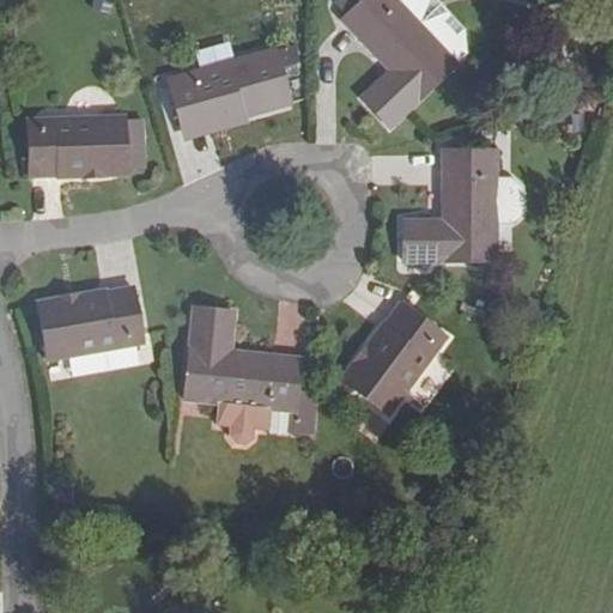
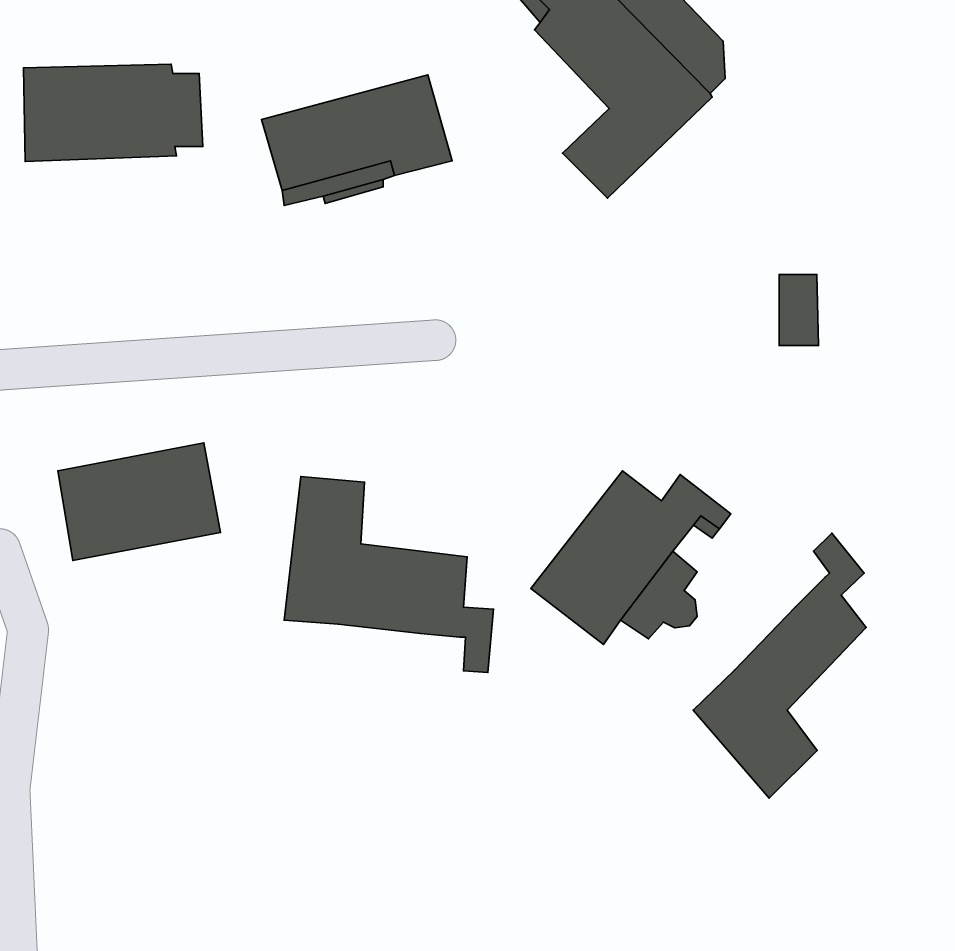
building: [26,115,141,177] -> [23,64,203,161]
building: [402,148,496,260] -> none
building: none -> [693,533,866,798]
building: [214,400,269,442] -> none

